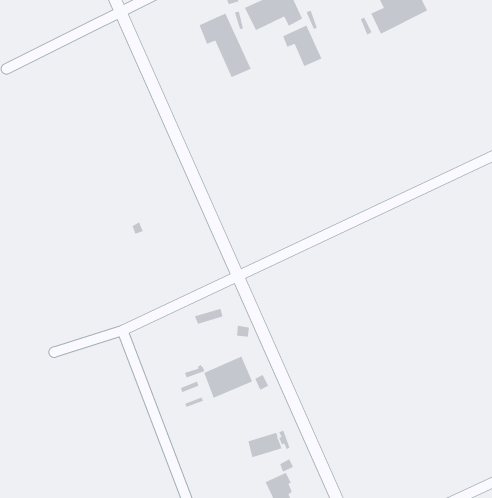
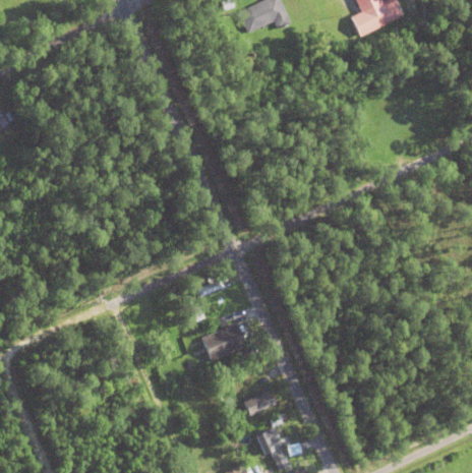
building: [198,12,252,78] -> none
building: [282,24,323,67] -> none

